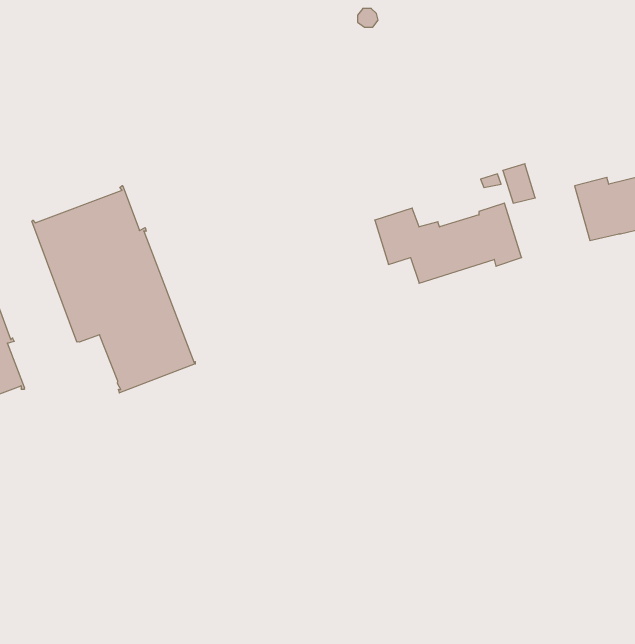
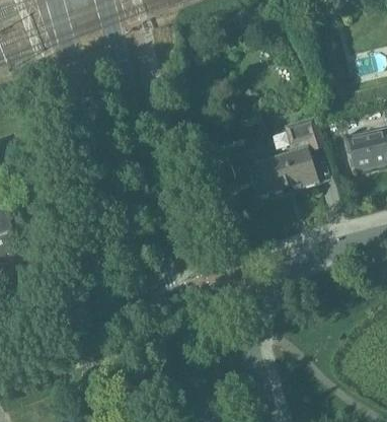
building: [32,186,195,393] -> none

